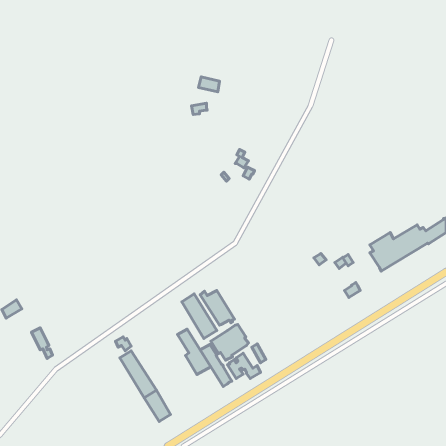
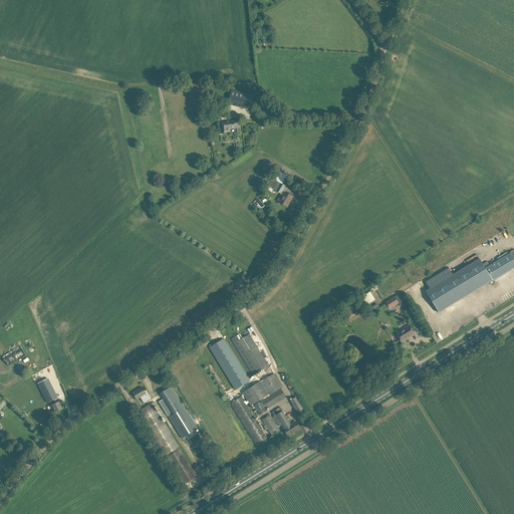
building: [178,329,211,375] -> [160,386,198,438]

